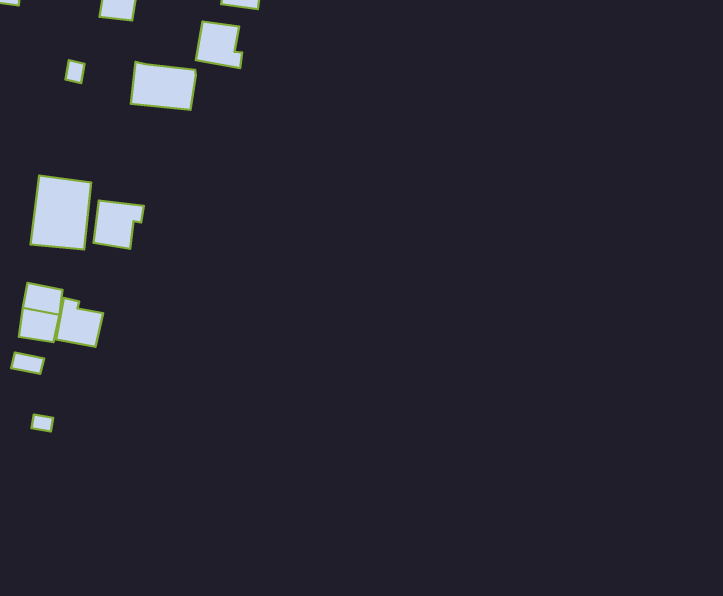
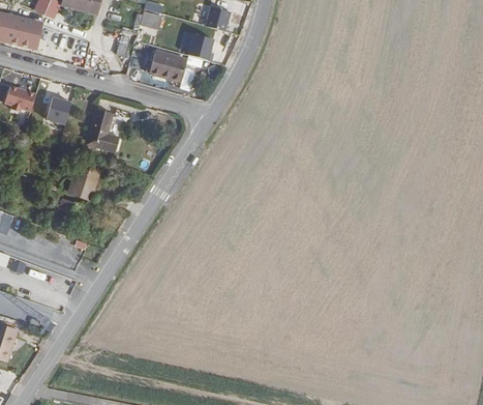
building: [93,200,144,249] -> none
building: [56,298,103,347] -> none

